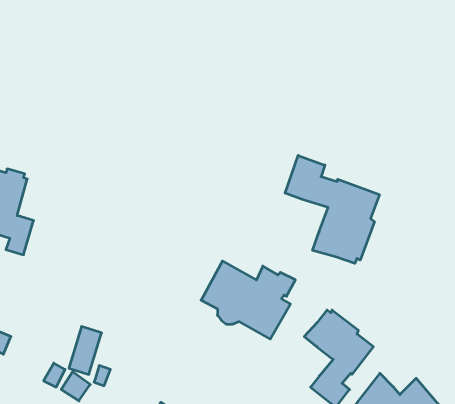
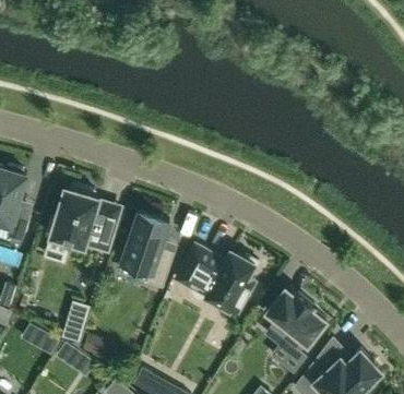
building: [285,155,379,263] -> none
building: none -> [46,186,117,253]
building: none -> [121,212,175,289]

